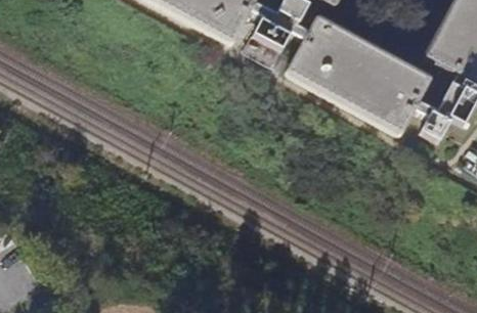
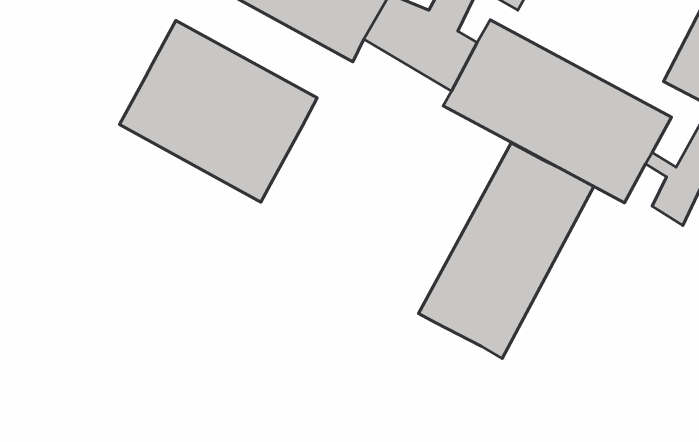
building: none -> [119,20,317,202]
building: none -> [419,143,594,358]

